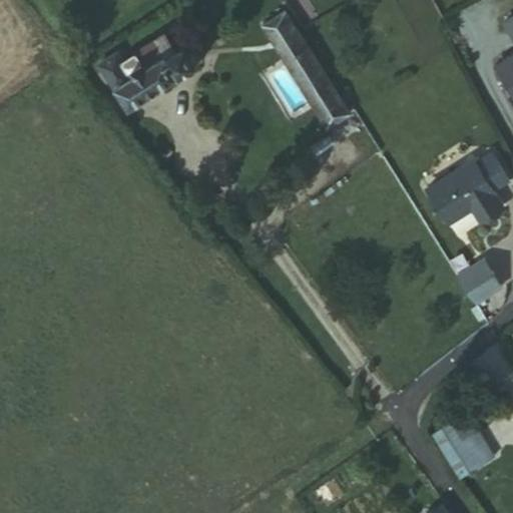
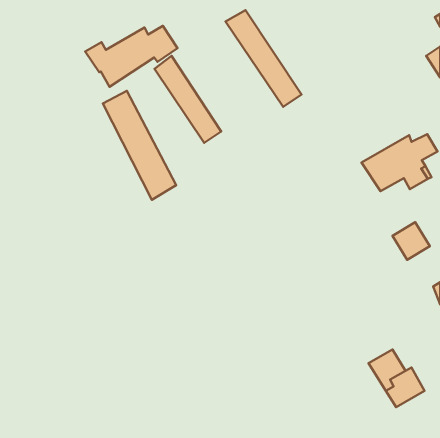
building: none -> [154,56,221,143]
building: none -> [103,91,176,200]

